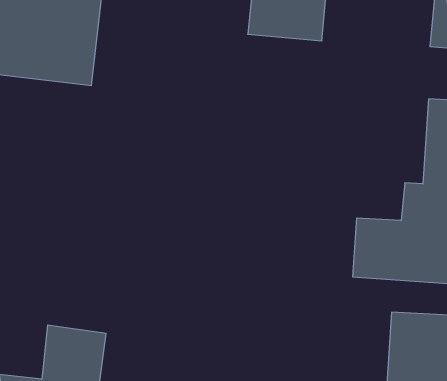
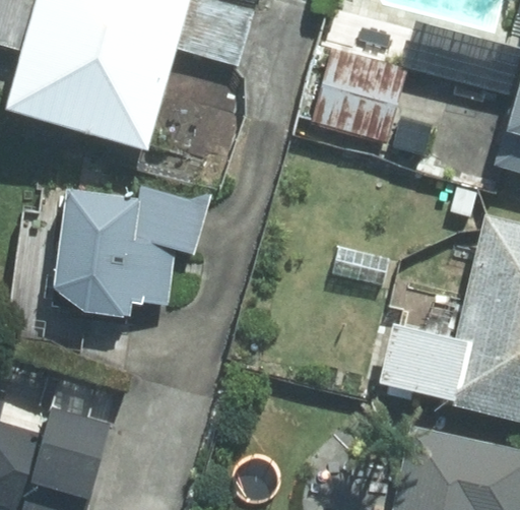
building: none -> [55,191,208,317]

